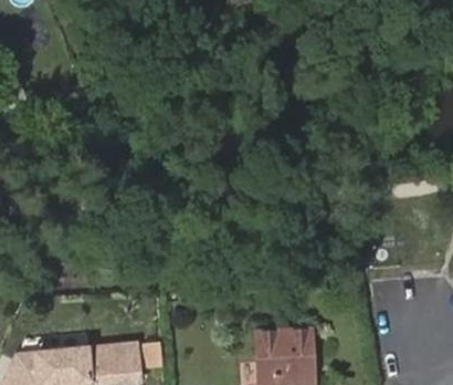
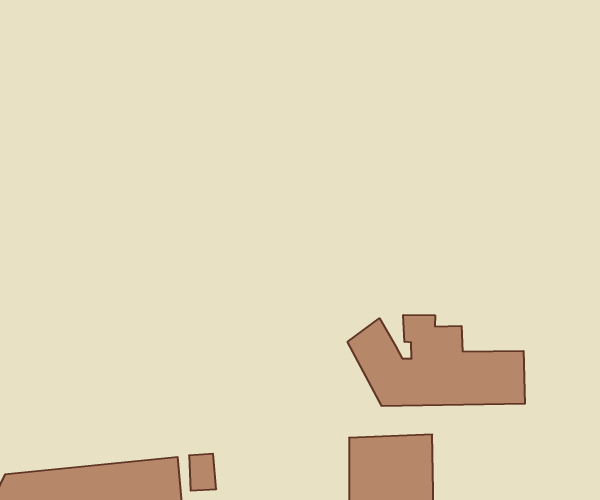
building: none -> [348,315,525,406]

